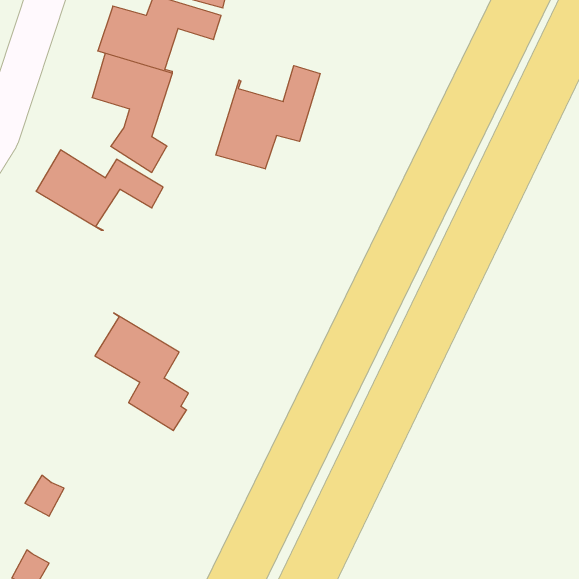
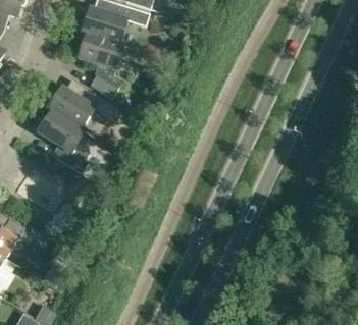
building: [216,66,320,169] -> none
building: [95,313,188,431] -> [38,109,89,173]

